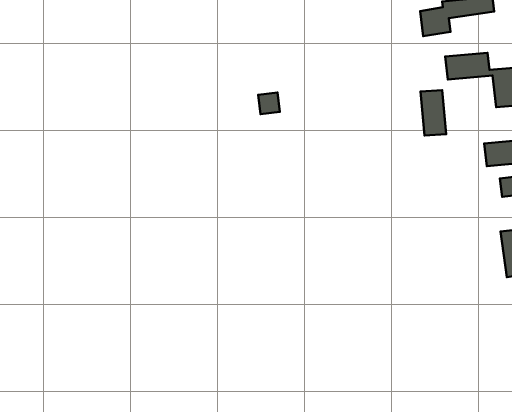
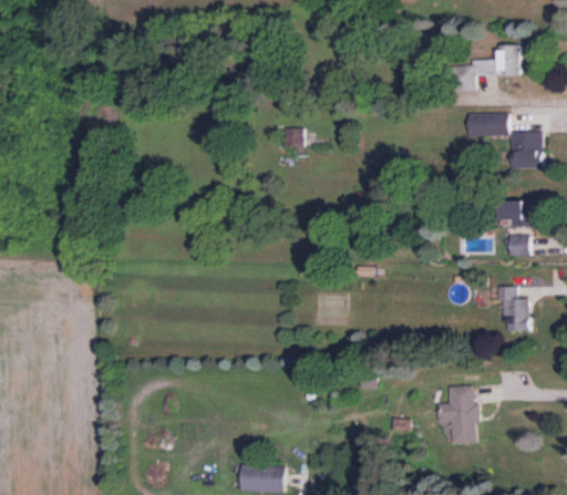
building: [421,90,446,136] -> none
building: none -> [437,385,476,443]

